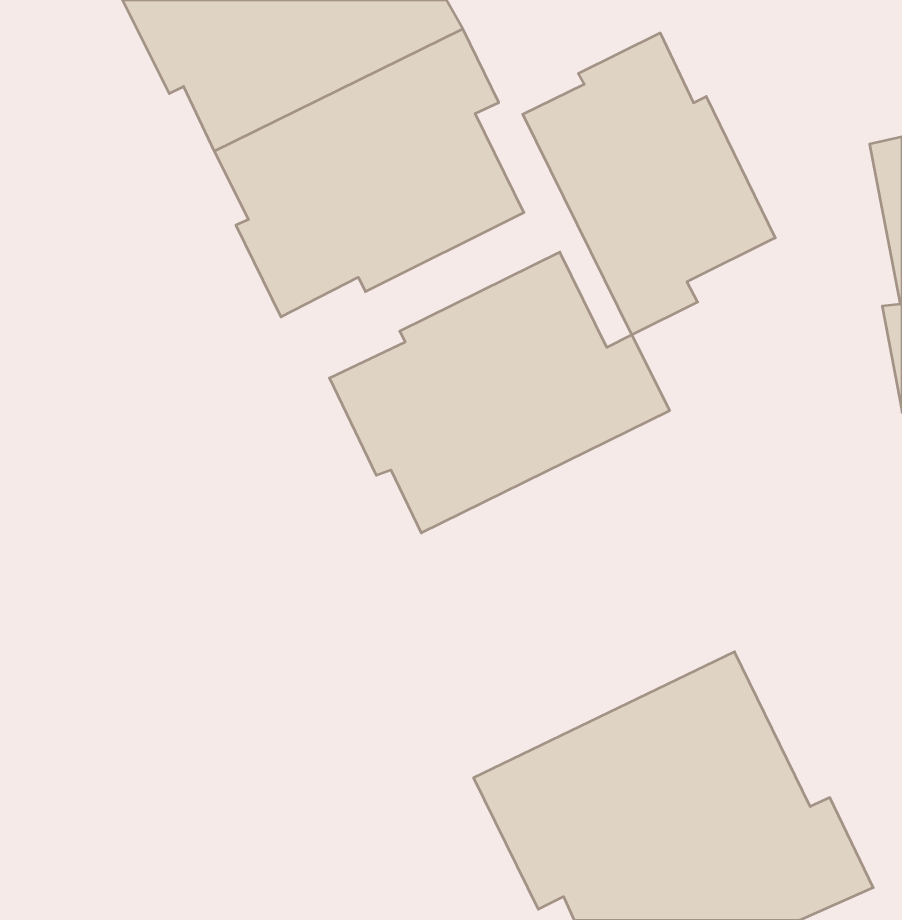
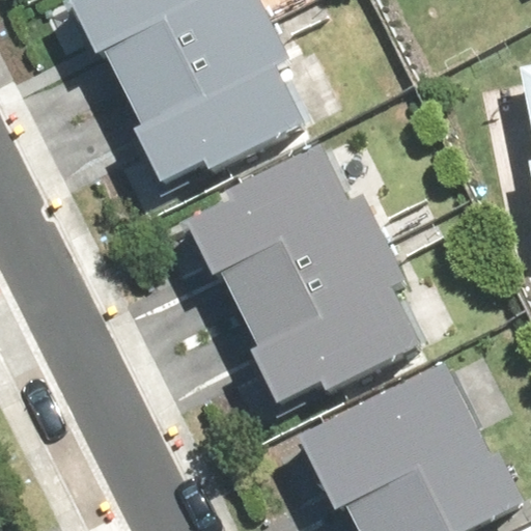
building: [523,33,775,335] -> none
building: none -> [243,236,421,402]

